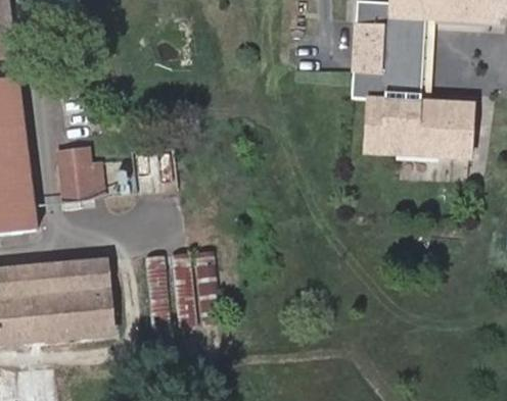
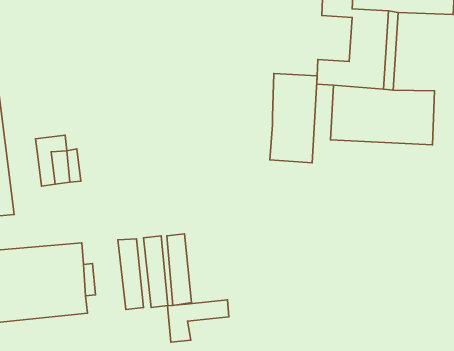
building: [352,21,387,69] -> none
building: none -> [270,74,317,163]
building: none -> [167,300,229,342]

